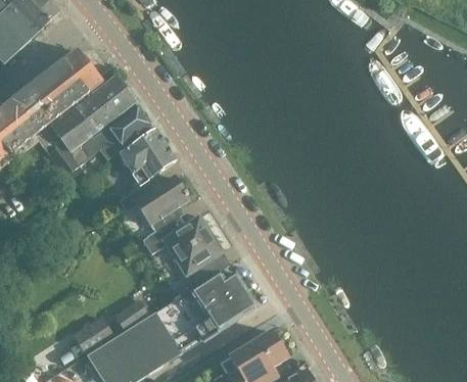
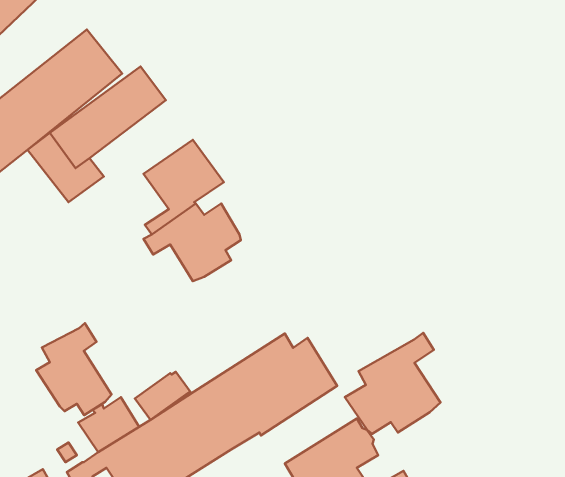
building: [92,104,152,158] -> none
building: [146,216,223,276] -> none
building: none -> [36,323,112,415]
building: none -> [345,333,440,434]

